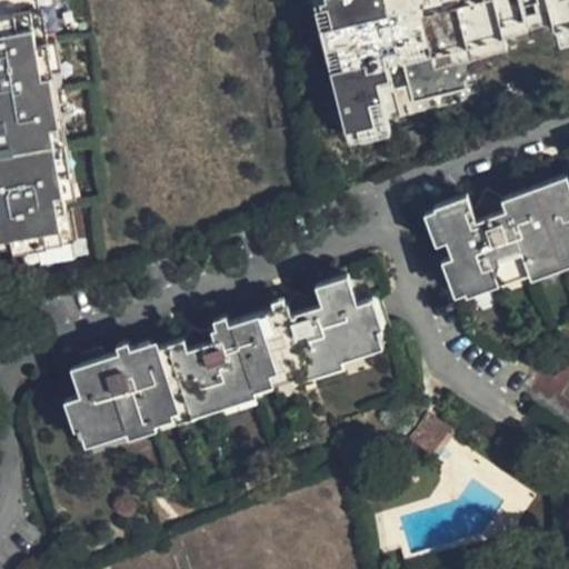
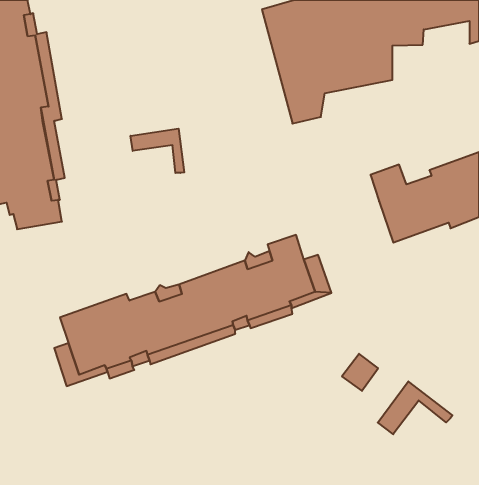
building: none -> [131,129,184,173]
building: none -> [378,381,452,434]

